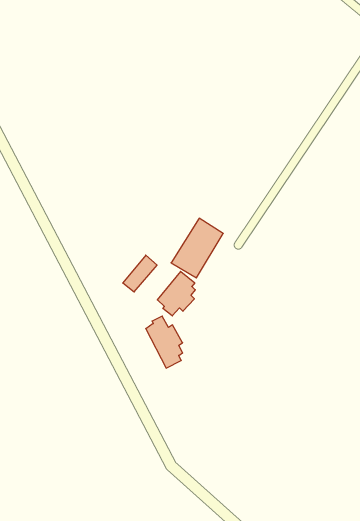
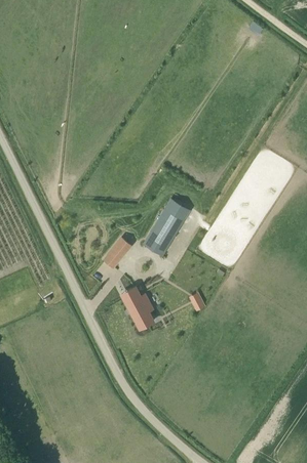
building: [157,271,195,316] -> none

